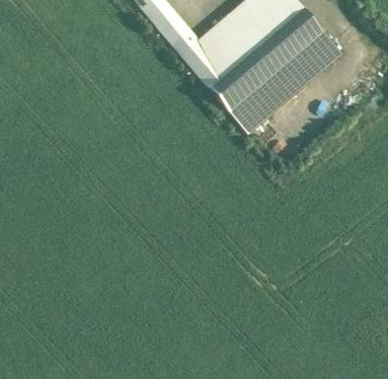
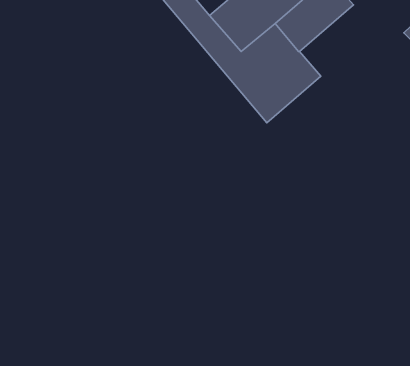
building: [277,30,341,92] -> none

